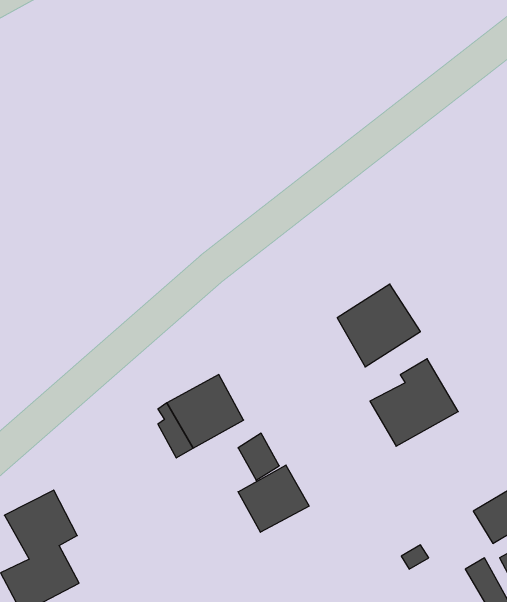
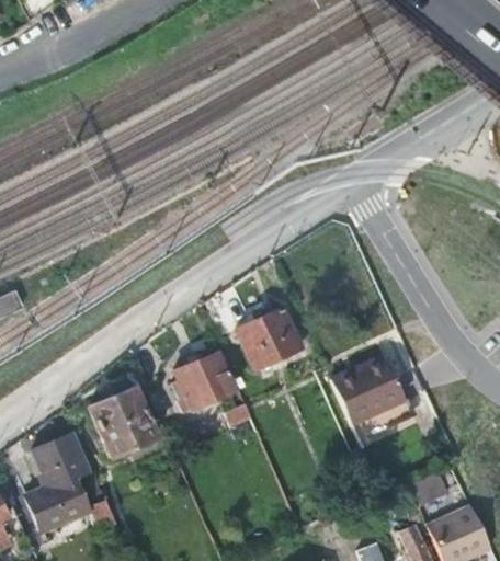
building: [337,284,420,367] -> [237,307,303,371]
building: none -> [89,389,151,448]
building: [238,465,309,532] -> none

